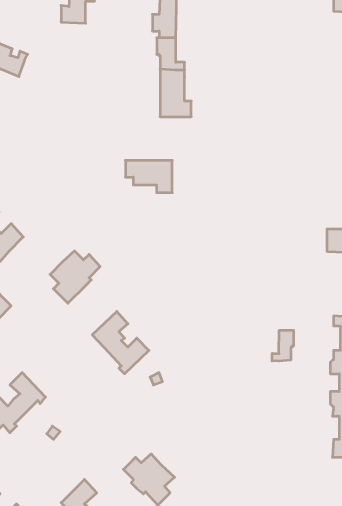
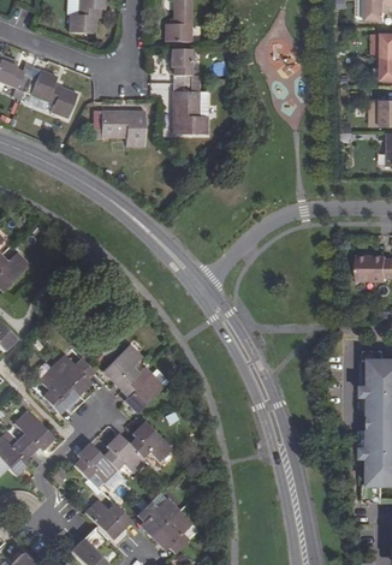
building: none -> [22,66,75,117]
building: [125,160,172,193] -> [91,111,142,145]
building: [50,251,100,303] -> [36,355,90,411]
building: [272,330,294,361] -> none
building: none -> [72,421,168,482]
building: none -> [83,501,126,539]

